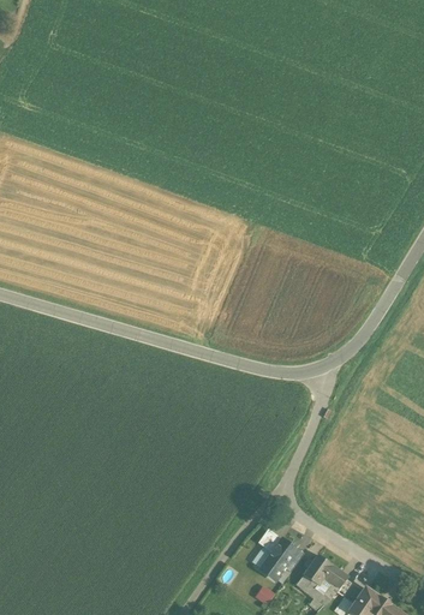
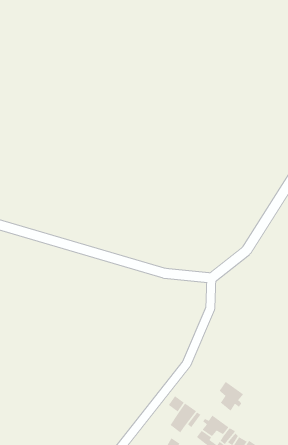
building: none -> [219,381,244,412]

